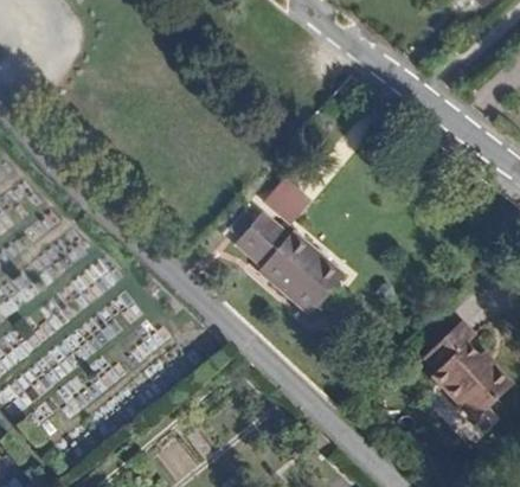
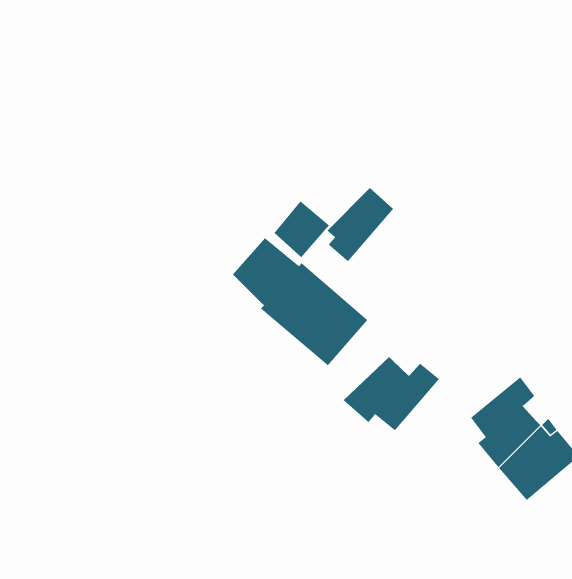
building: none -> [327,187,394,262]
building: none -> [343,356,440,431]

